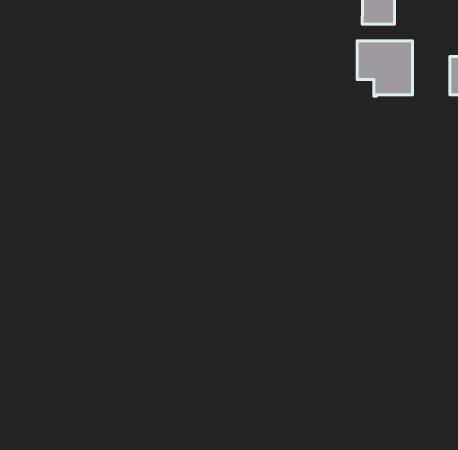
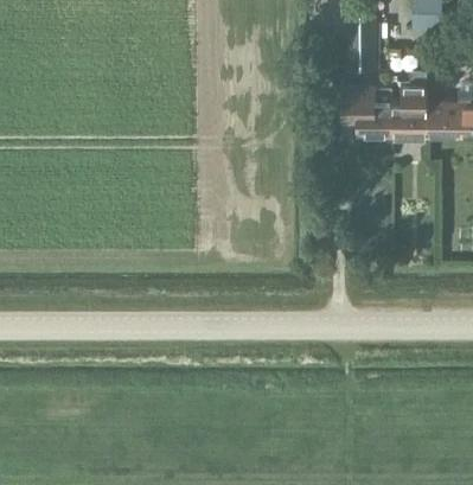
building: none -> [390,69,424,134]

